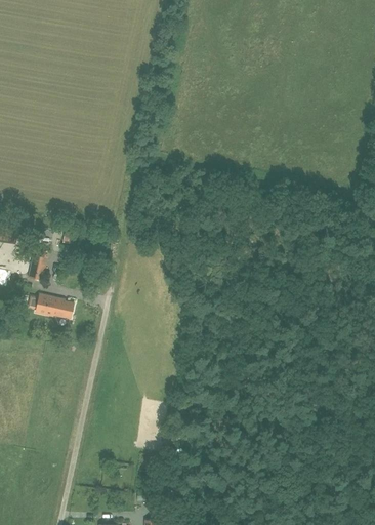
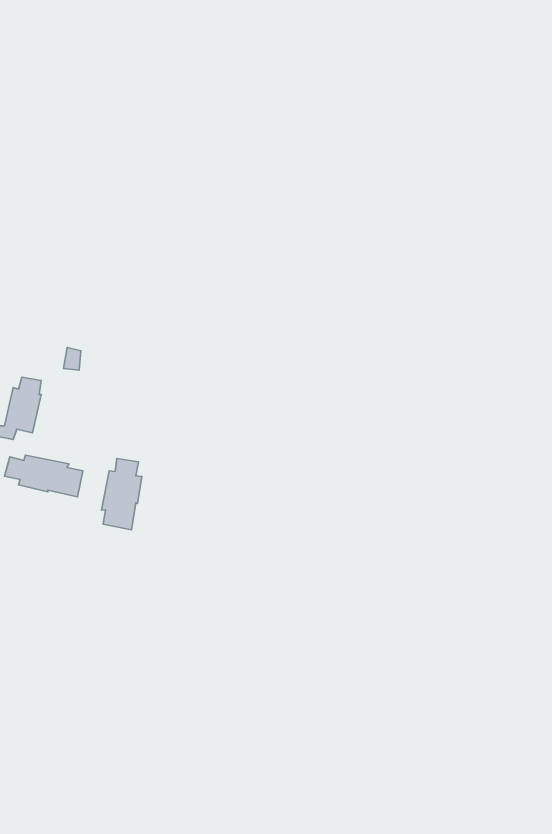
building: none -> [101,459,142,530]

